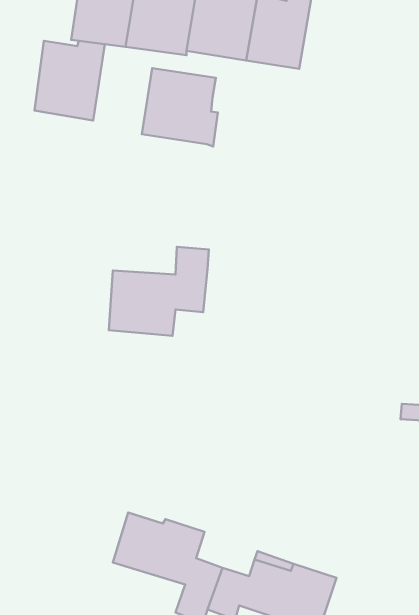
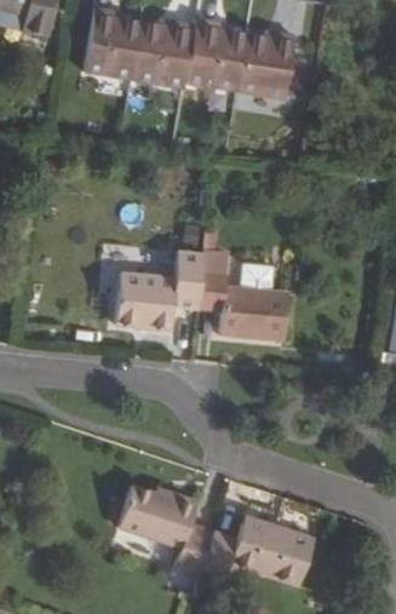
building: [35,41,105,121] -> none
building: [142,68,218,146] -> none
building: none -> [197,271,288,342]

